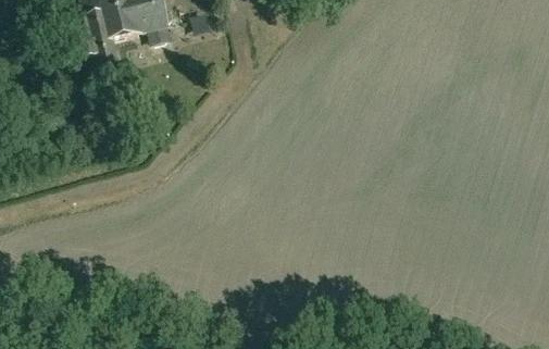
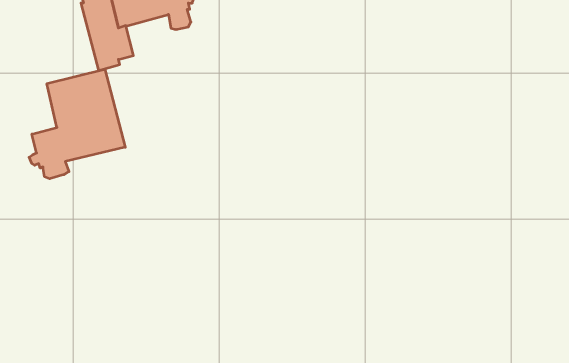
building: none -> [29,69,125,179]

